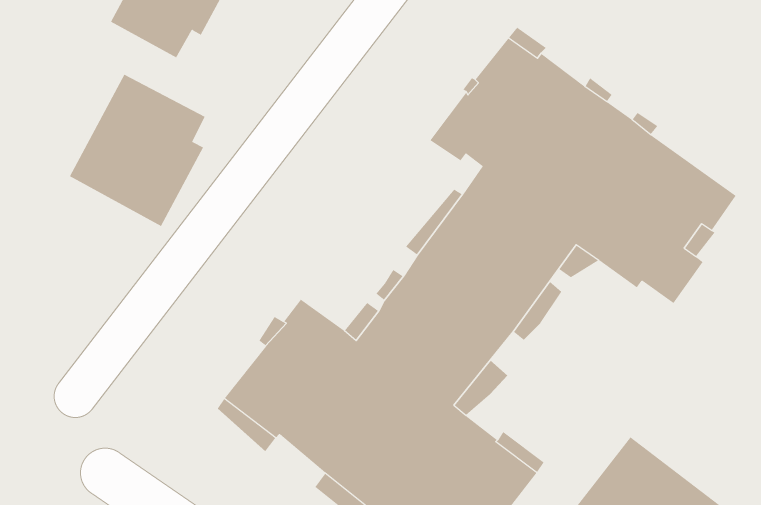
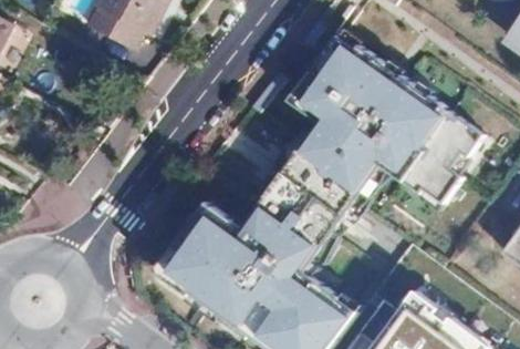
building: [69,74,206,227] -> none

